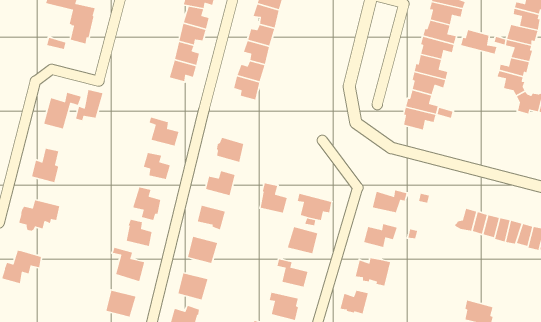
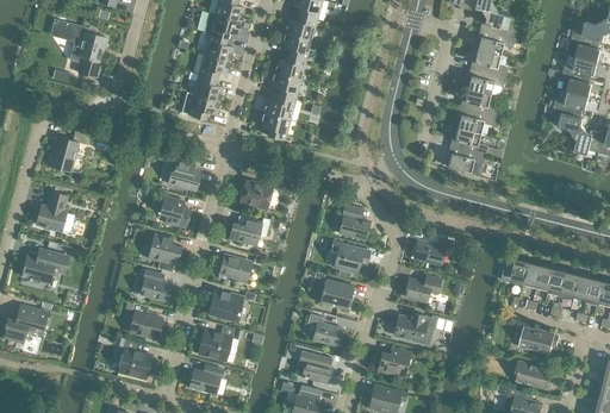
building: [460,29,497,55] -> none
building: [75,89,103,121] -> none
building: [260,182,288,214] -> [340,205,371,239]
building: none -> [519,327,559,353]

